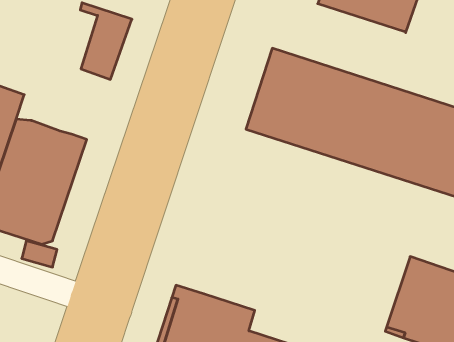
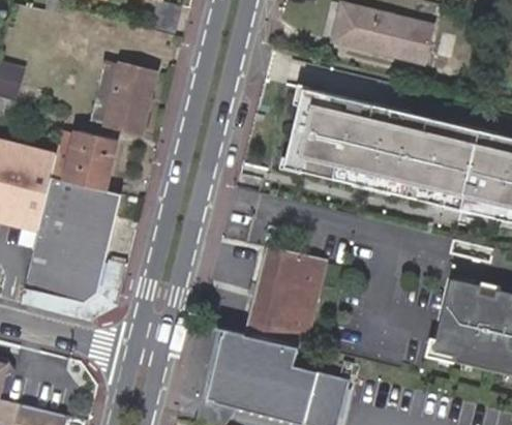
building: none -> [90,65,123,123]
building: none -> [66,127,119,188]
building: none -> [249,250,328,350]

